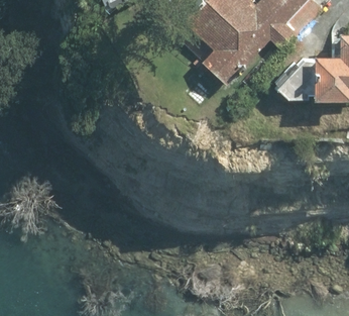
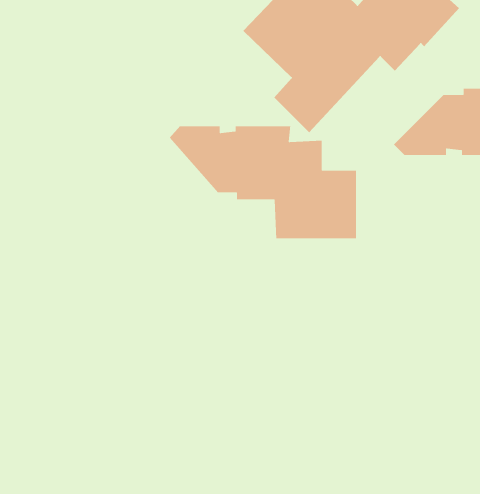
building: none -> [169,125,357,239]

